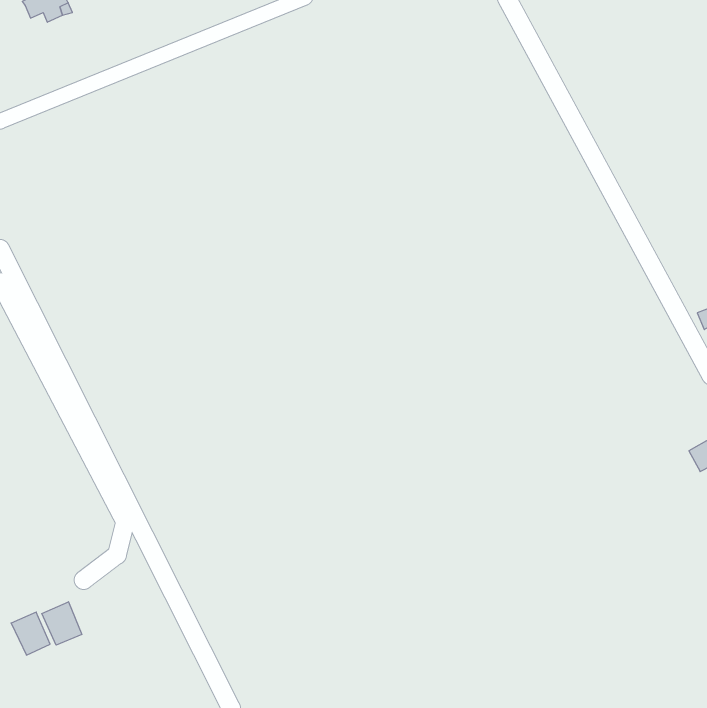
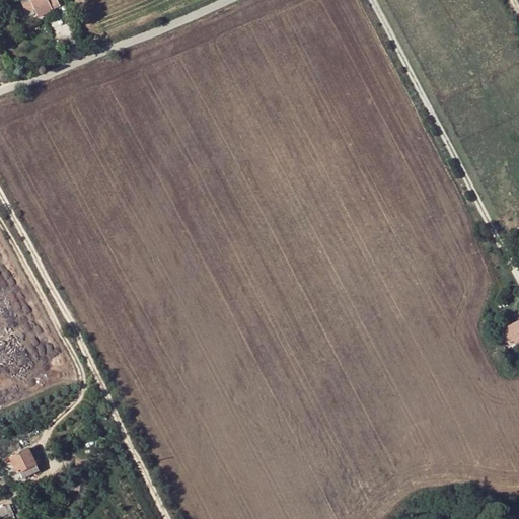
building: [42,602,82,645] -> none

